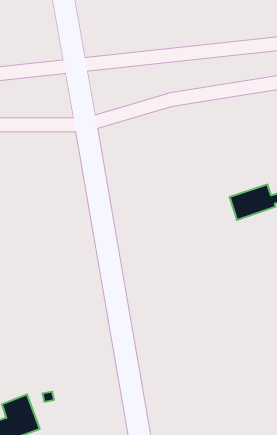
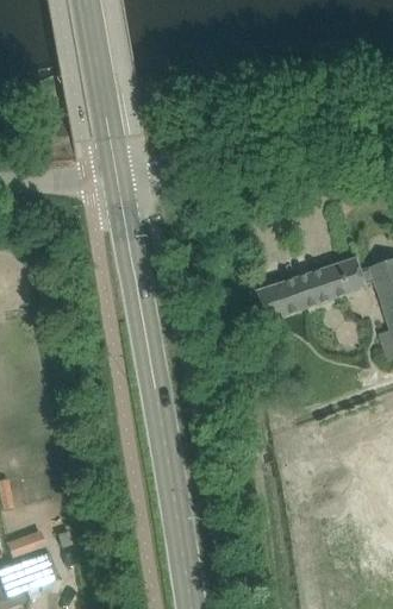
building: none -> [256,274,316,320]

